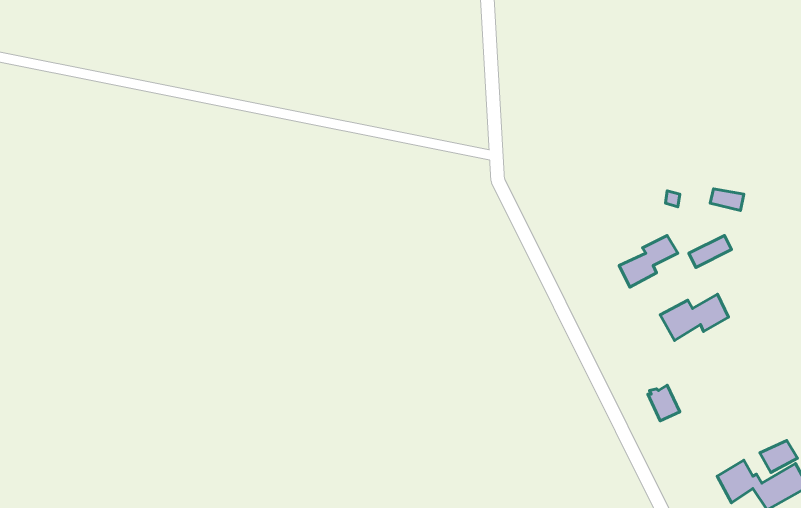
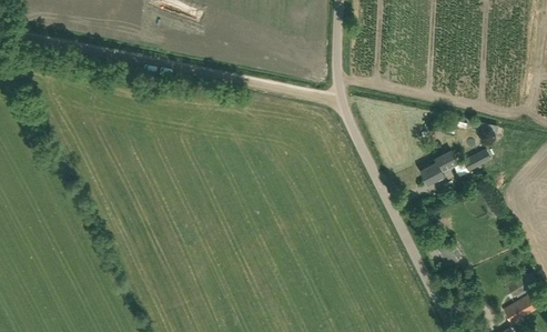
building: [660,294,729,340] -> none

